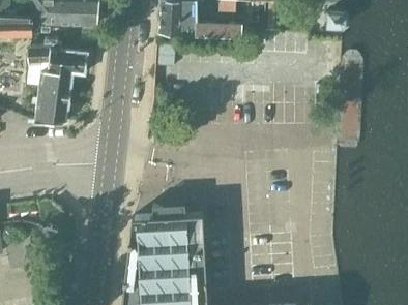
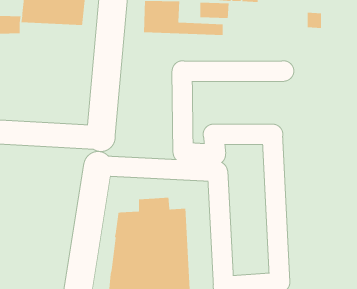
building: [26,44,86,122] -> none

